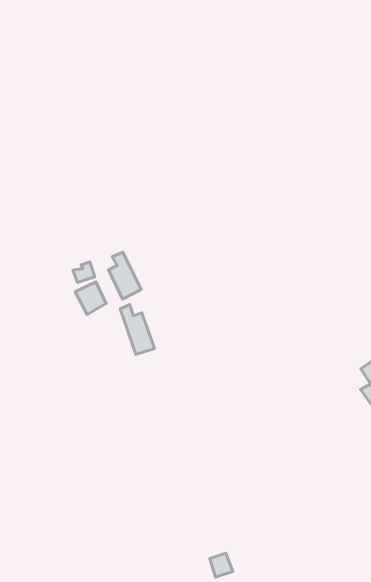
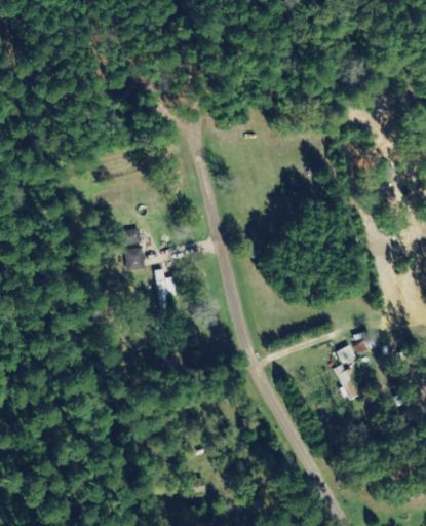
building: [108,252,141,299] -> none

